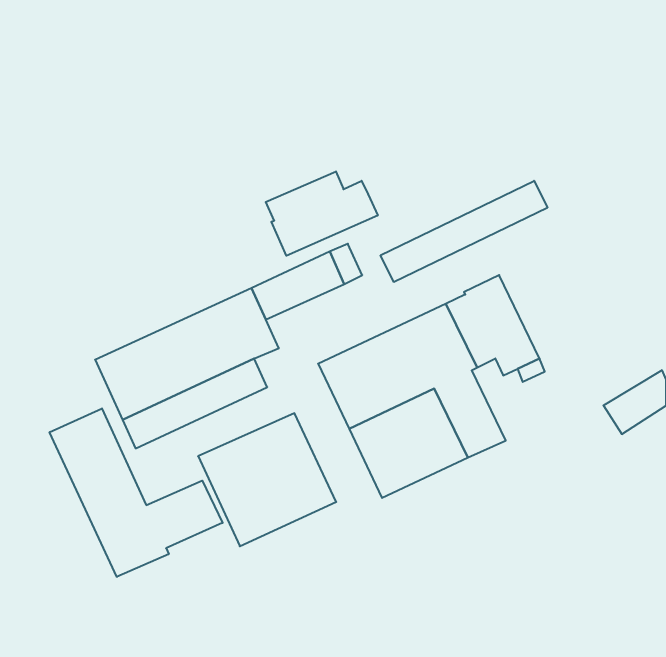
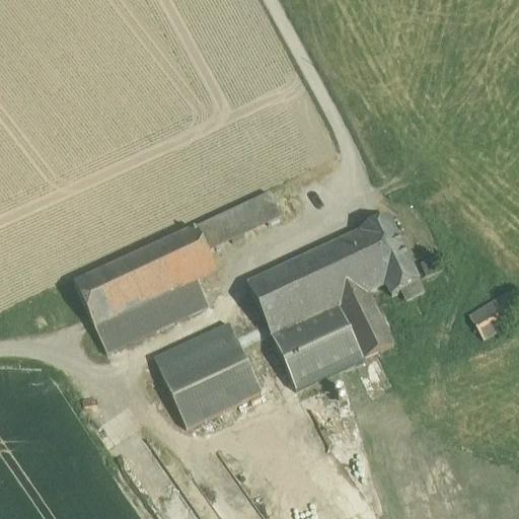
building: [266,171,378,256] -> none
building: [381,181,547,282] -> none
building: [50,408,223,577] -> none

